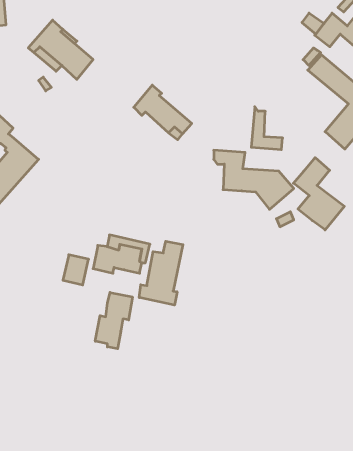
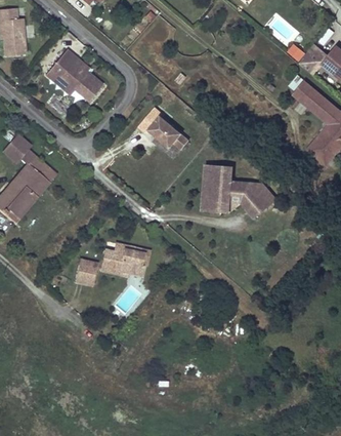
building: [251,107,283,150] -> [206,173,233,211]
building: [293,158,344,230] -> none
building: [139,241,183,305] -> none
building: [95,292,132,349] -> none

